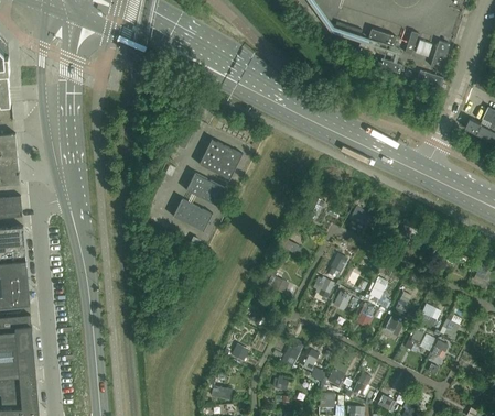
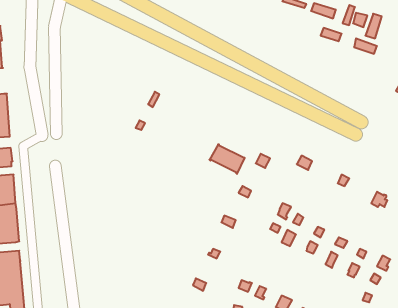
building: [197,139,243,180] -> none
building: [184,173,225,207] -> [209,144,245,174]
building: [172,198,212,232] -> none

